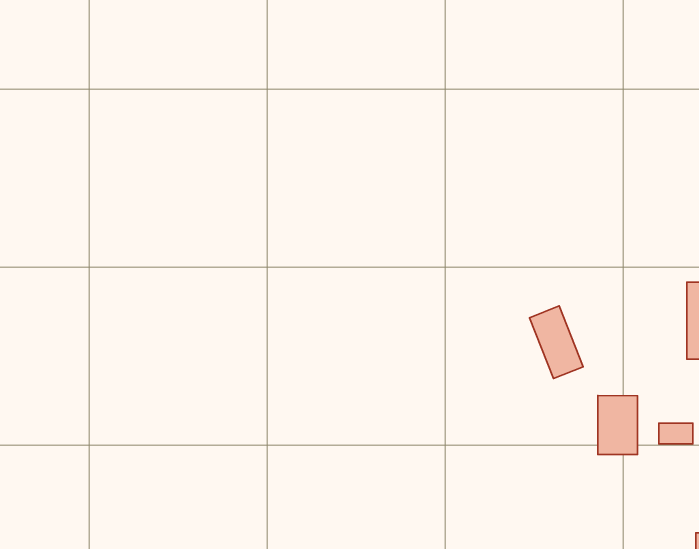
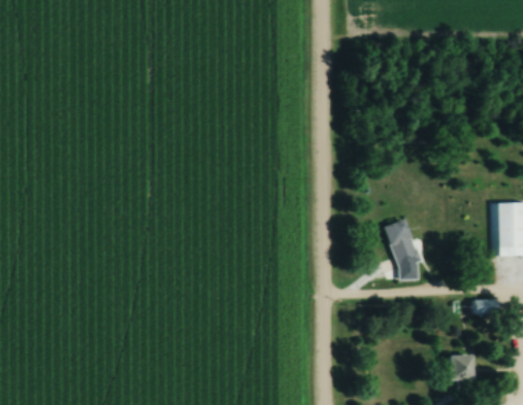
building: [598,395,638,455] -> none
building: none -> [449,357,475,382]

